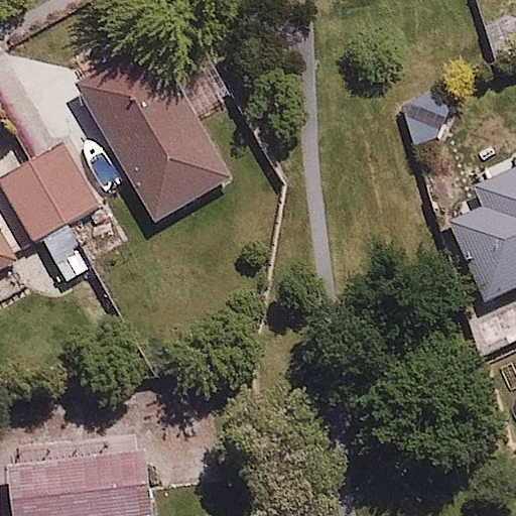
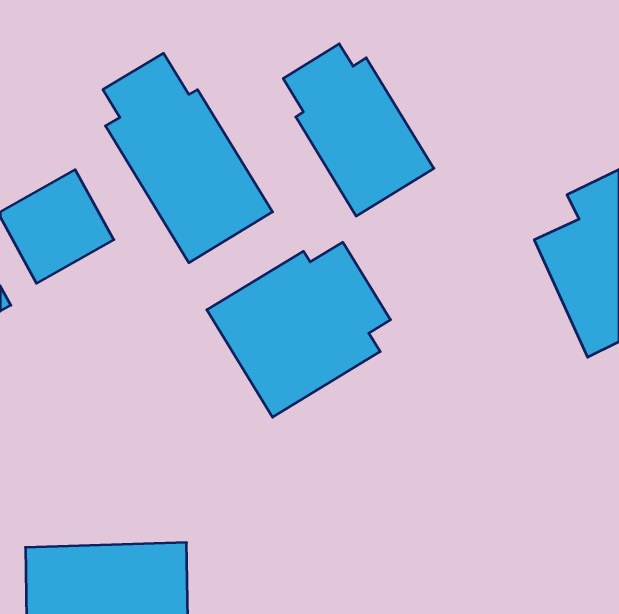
building: none -> [283,44,434,216]
building: none -> [207,242,391,417]

